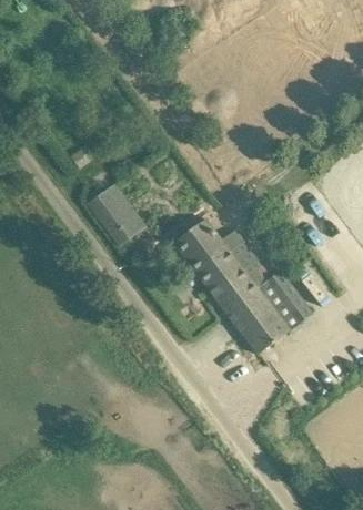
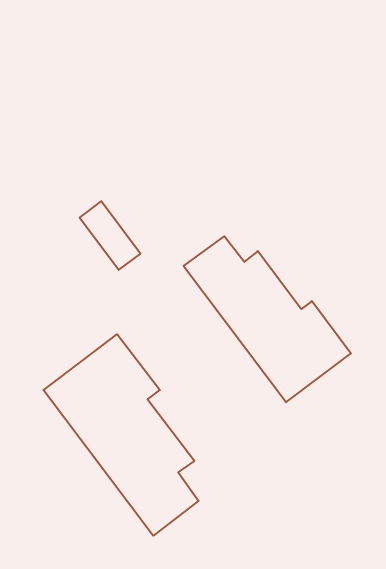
building: none -> [43,334,199,536]

